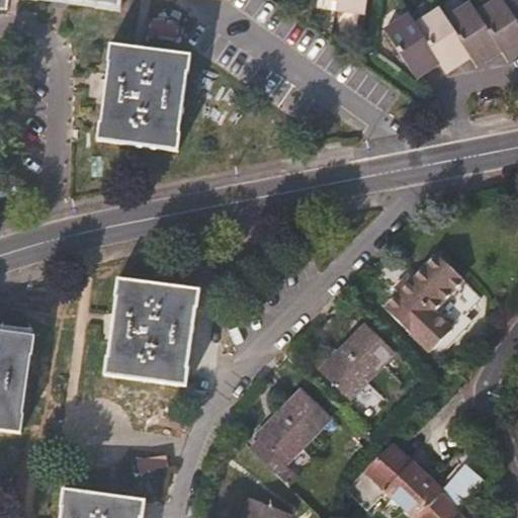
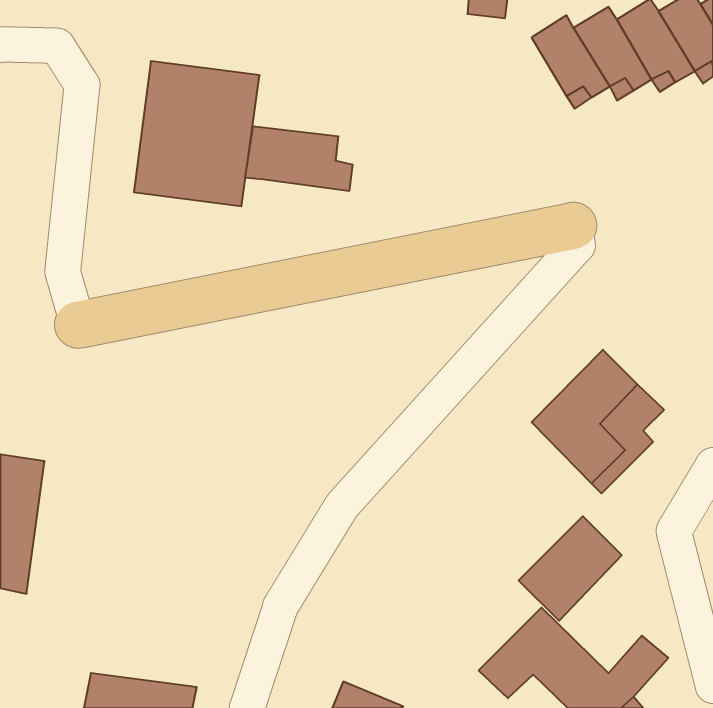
building: none -> [245,126,353,191]
building: [106,277,197,383] -> none
building: [320,322,395,398] -> [519,516,622,621]
building: [250,386,332,484] -> none

